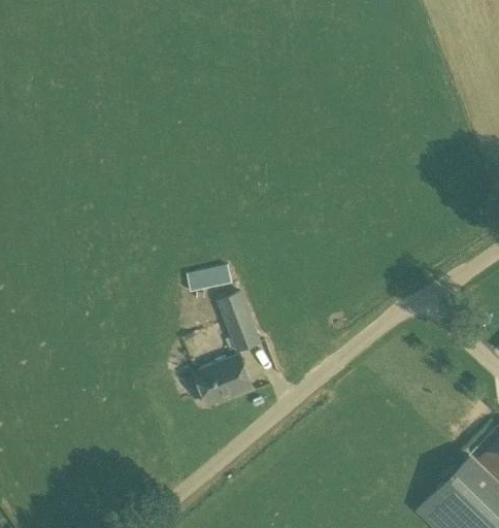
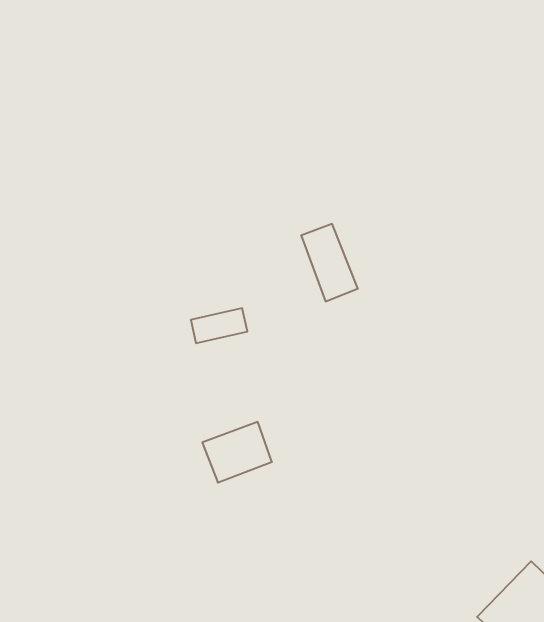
building: [217,290,262,352] -> [301,224,358,301]

